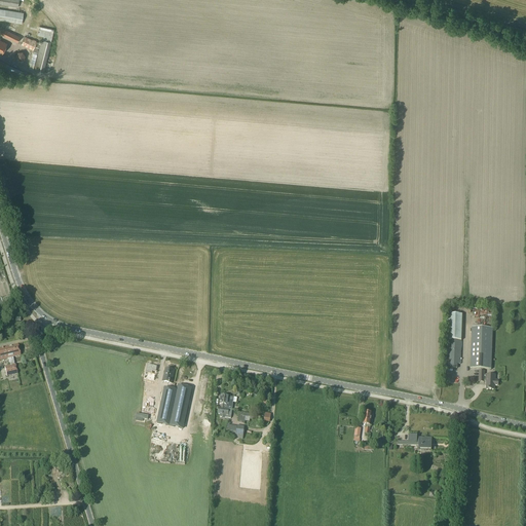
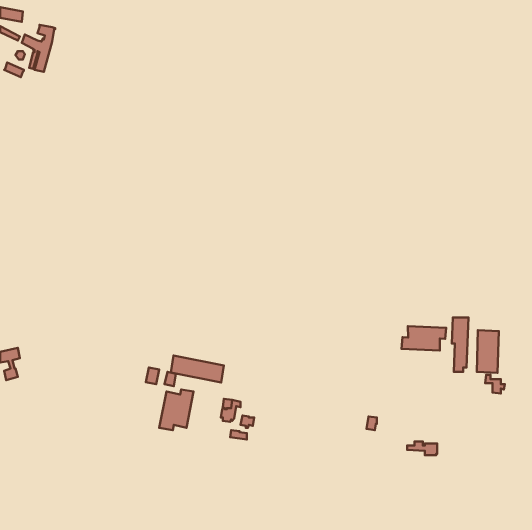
building: none -> [402,326,446,351]
building: none -> [171,356,224,382]

